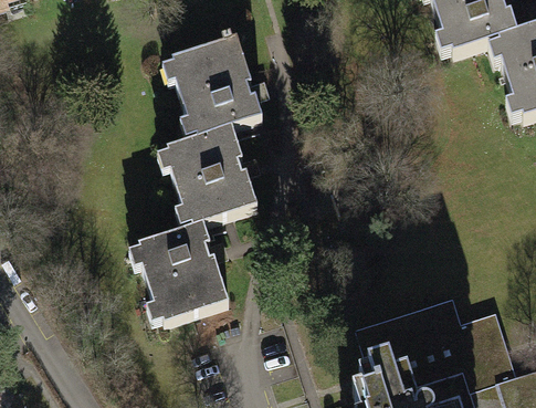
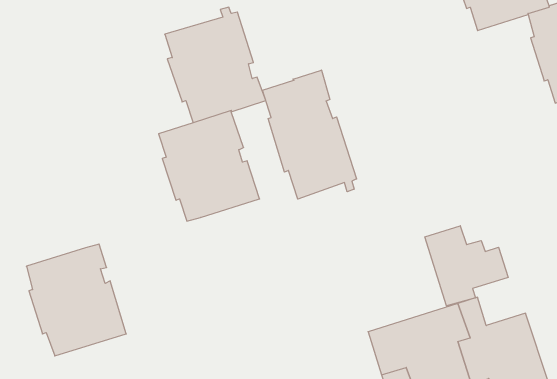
building: none -> [263,70,357,199]
building: [139,223,229,324] -> [26,244,126,356]
building: none -> [425,226,508,306]

